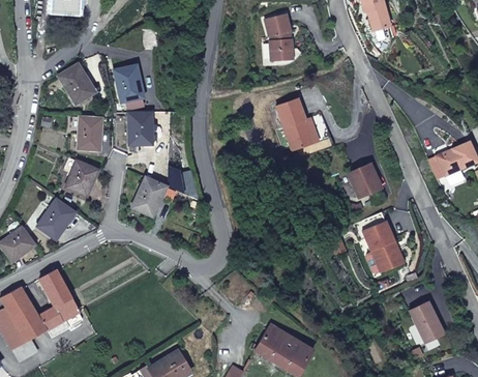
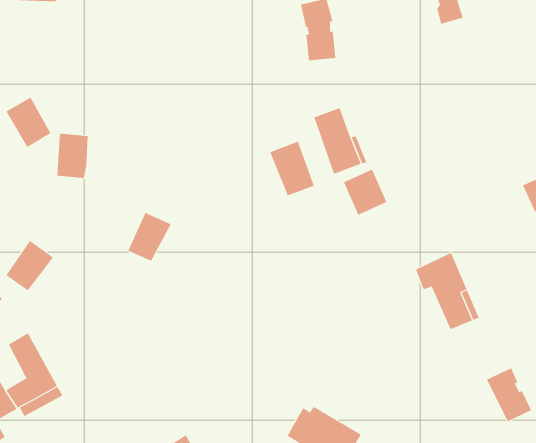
building: [58,64,93,104] -> [6,97,51,148]
building: [113,65,142,103] -> none
building: [127,112,152,145] -> none
building: none -> [269,141,315,196]
building: [66,161,97,196] -> none
building: [346,162,380,198] -> [343,169,387,216]

